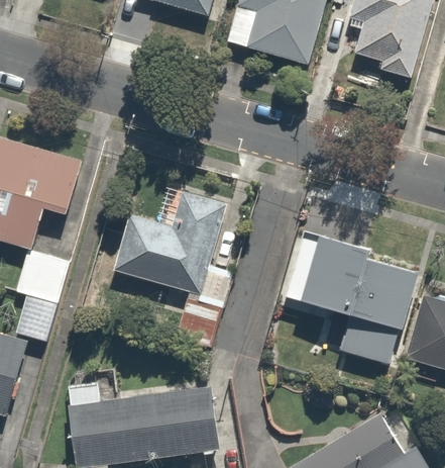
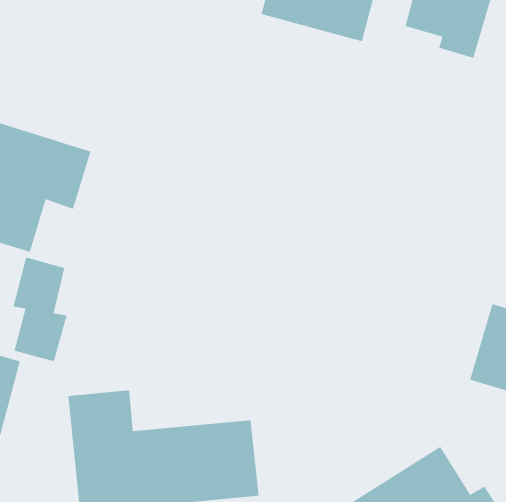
building: [112,195,235,340] -> none
building: [287,228,412,361] -> none

